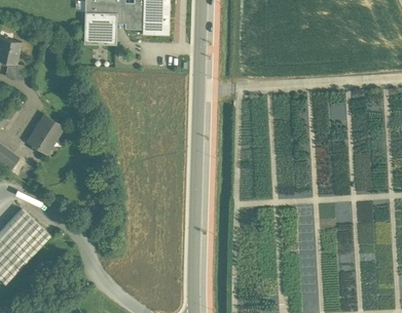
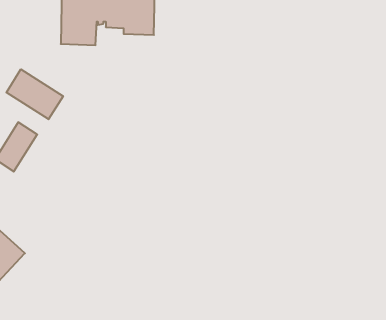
building: none -> [6,69,63,119]

